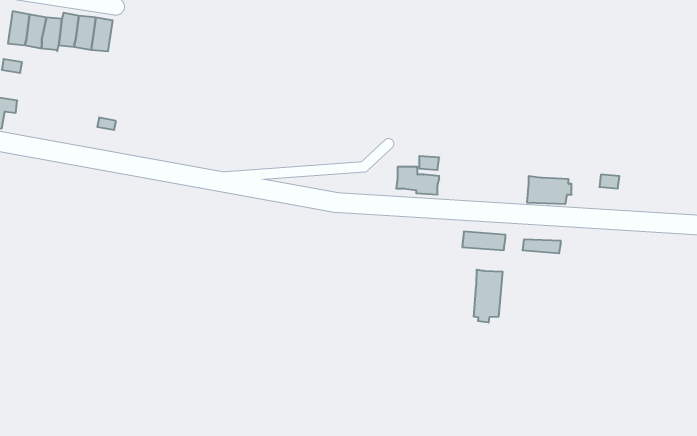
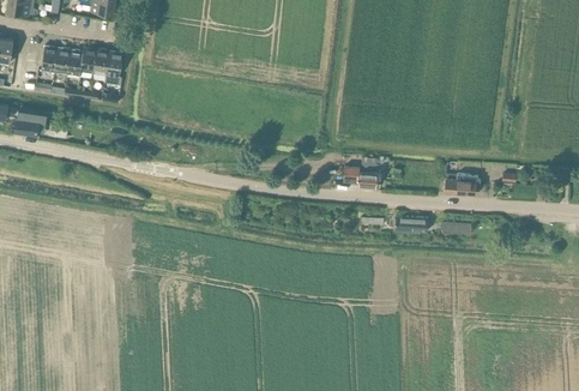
building: [474,270,503,323] -> none

